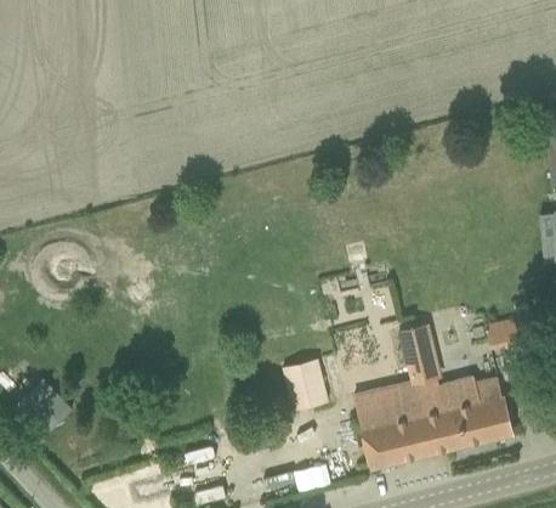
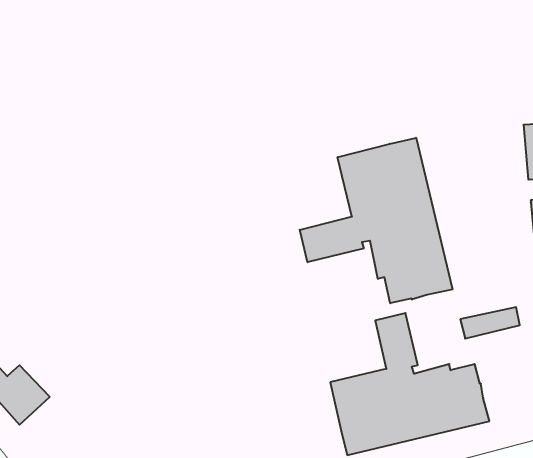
building: none -> [300,138,452,303]
building: [280,359,327,411] -> none

